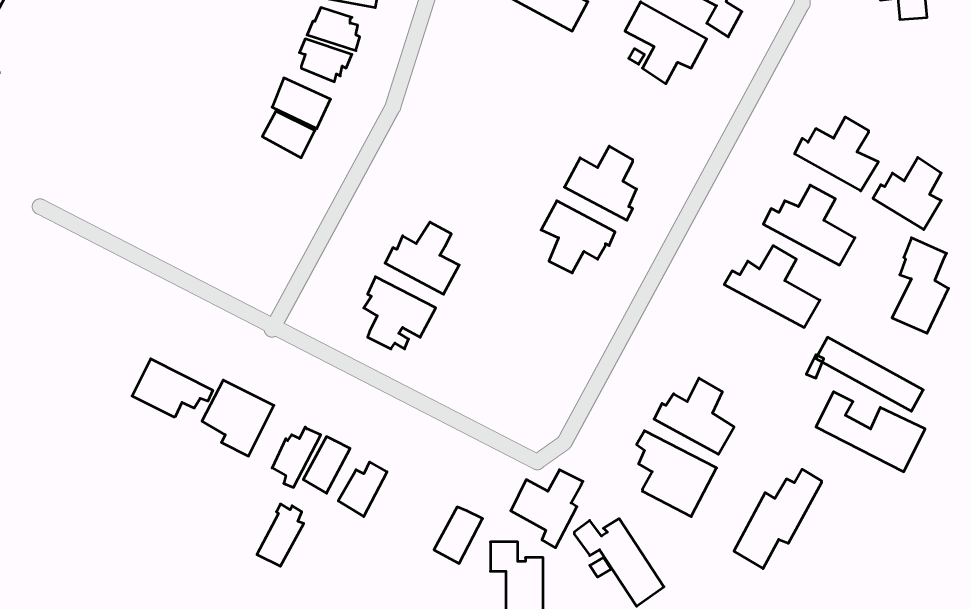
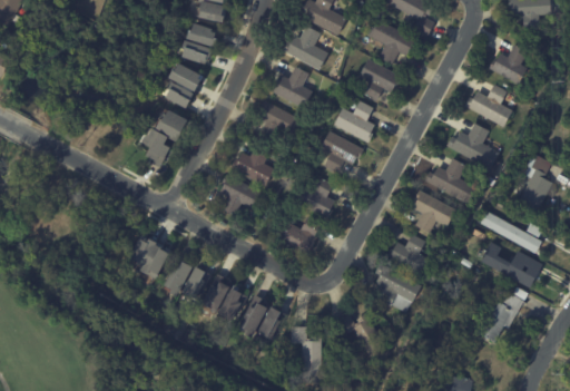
building: none -> [283,26,327,70]
building: none -> [358,58,403,100]
building: none -> [268,66,312,108]
building: none -> [257,98,304,143]
building: [873,157,941,230] -> [489,43,528,85]
building: none -> [142,109,187,166]
building: none -> [294,176,334,216]
building: none -> [412,190,455,233]
building: [132,359,213,417] -> none
building: [734,469,822,569] -> [478,285,528,342]
building: [511,470,583,548] -> [279,216,321,261]
building: none -> [240,302,268,336]
building: [257,504,304,566] -> [220,284,247,320]

